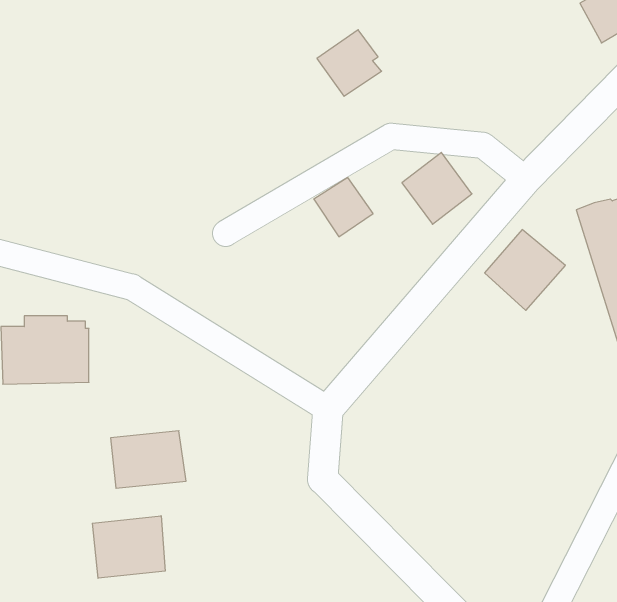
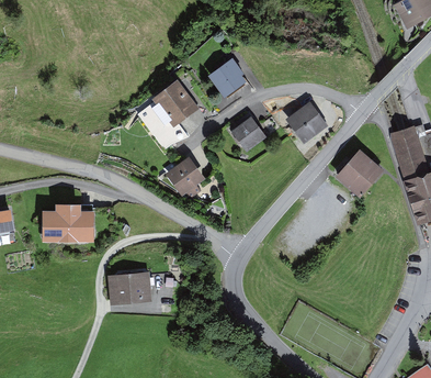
building: [317,30,382,96] -> [207,62,247,102]
building: none -> [151,84,199,131]
building: none -> [166,155,205,199]
building: [92,516,165,578] -> none

